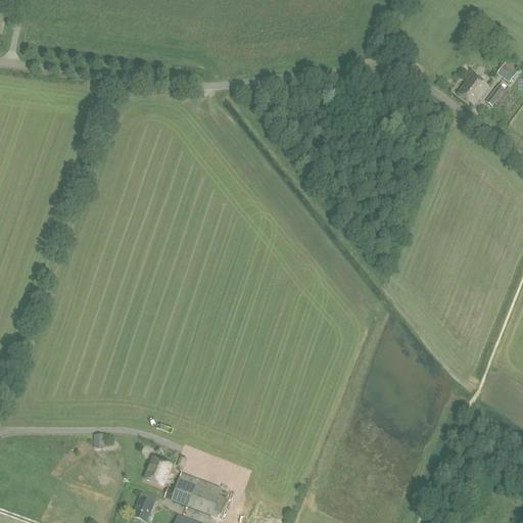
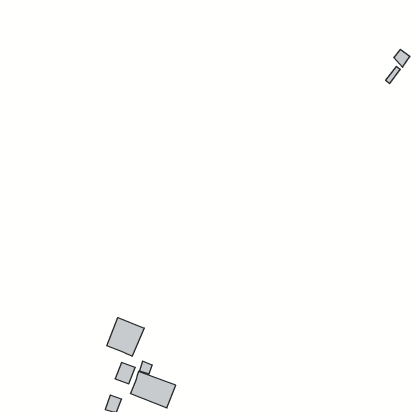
building: [458,73,488,104] -> none
building: none -> [107,318,144,356]

